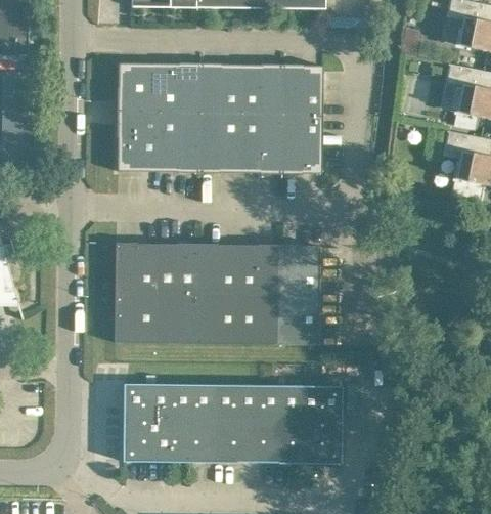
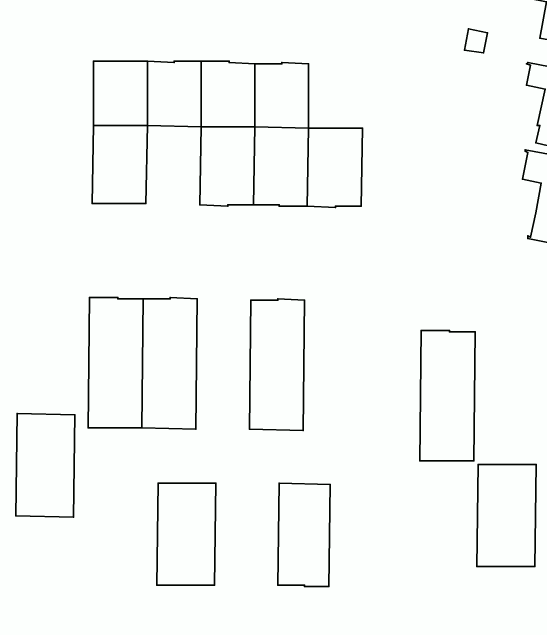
building: [281,65,322,114] -> none
building: [158,112,199,172] -> none
building: [195,244,237,343] -> none
building: [277,245,319,344] -> [420,330,475,461]
building: [122,383,167,462] -> [16,414,75,517]
building: [210,384,259,462] -> none
building: [297,385,342,463] -> [477,464,536,567]

